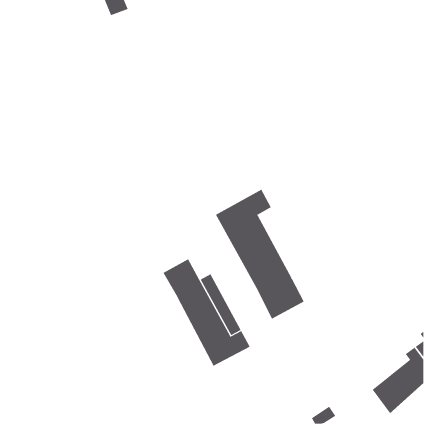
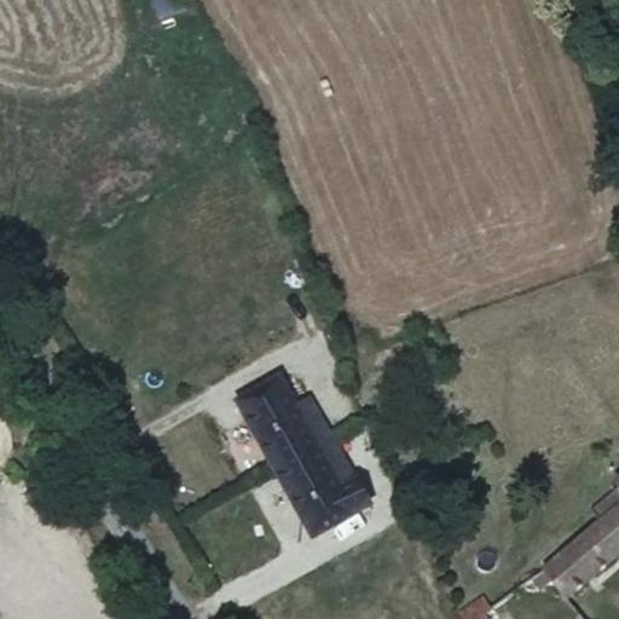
building: [215,189,304,319] -> none

